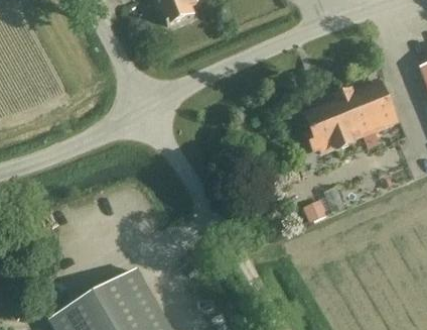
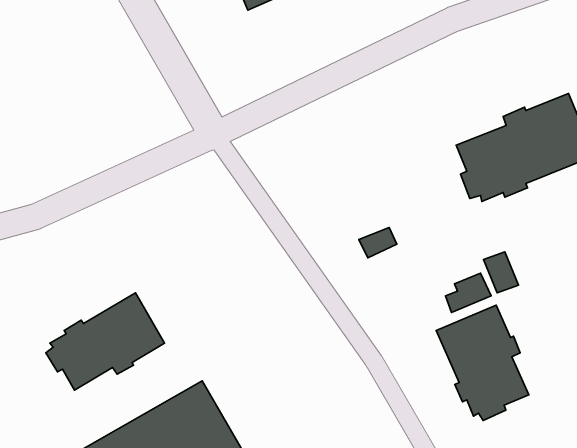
building: none -> [46,293,164,390]
building: none -> [436,305,529,421]

